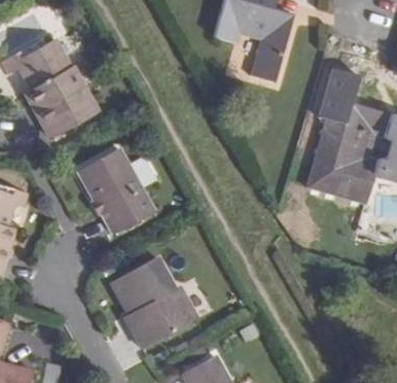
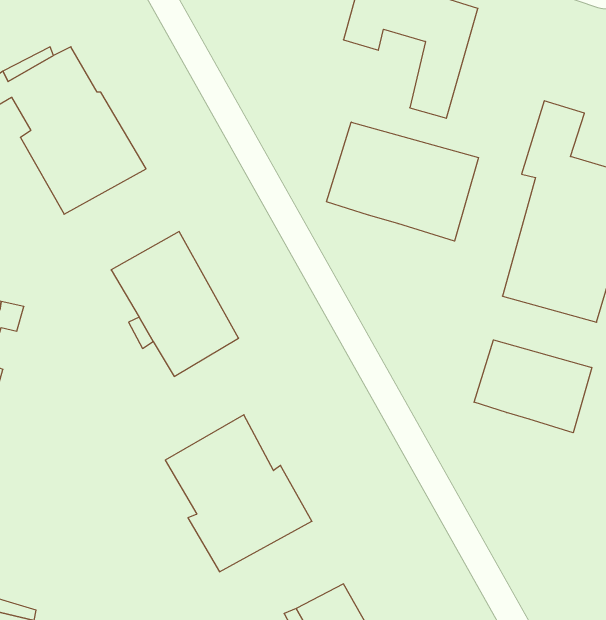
building: none -> [327,122,479,241]
building: none -> [474,340,592,433]

